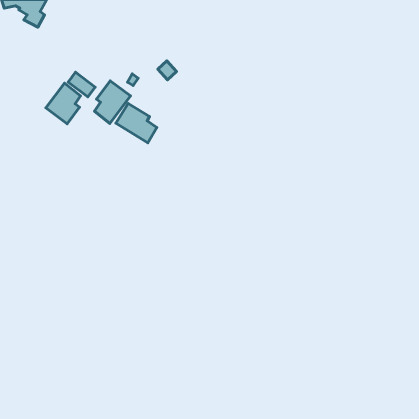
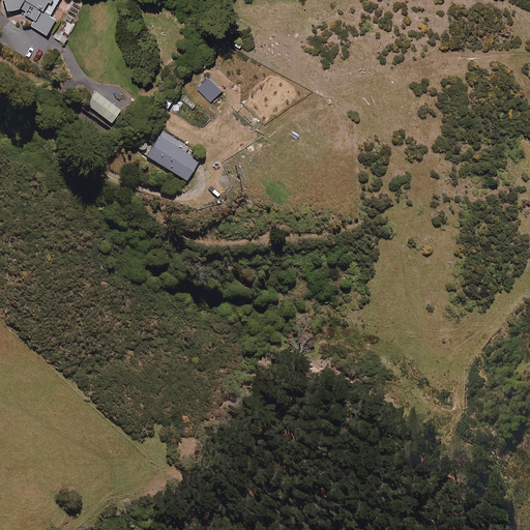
building: [94,81,131,123] -> none
building: [46,83,81,124] -> none

